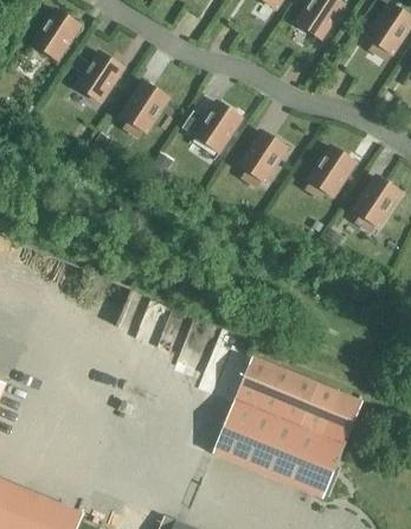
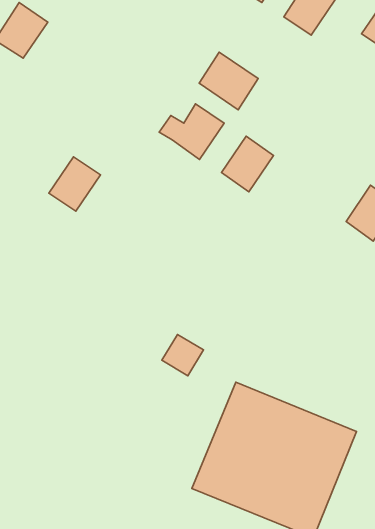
building: [75,51,122,102] -> none
building: none -> [199,52,258,110]
building: [120,82,167,132] -> [49,157,101,211]
building: [307,146,354,196] -> none

